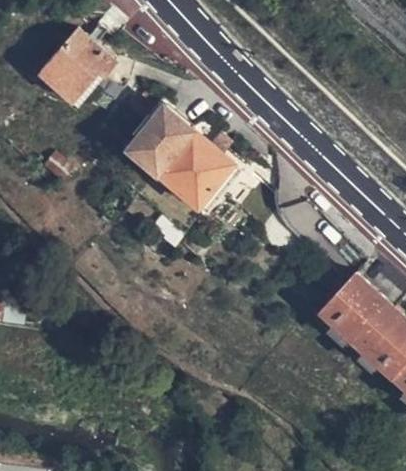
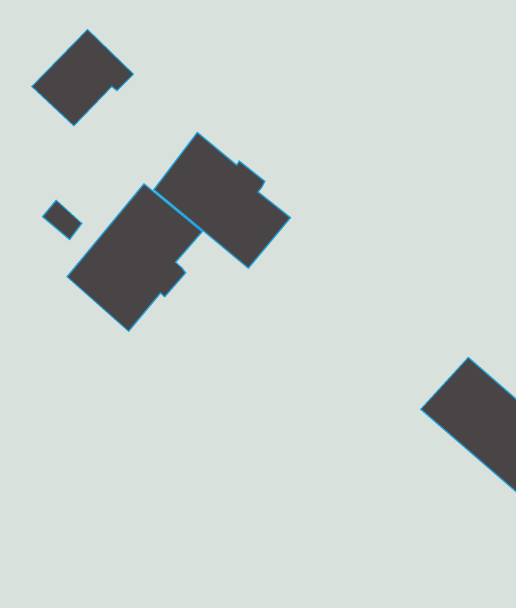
building: none -> [67,184,202,331]

